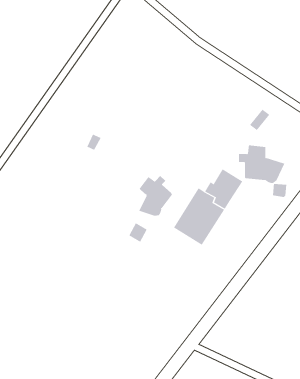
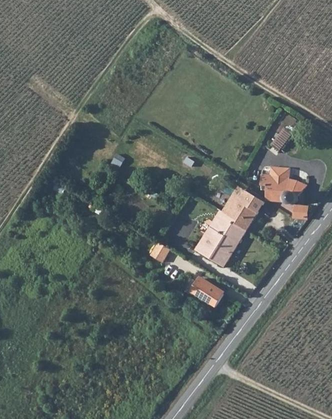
building: [139,175,172,216] -> none
building: none -> [189,277,223,306]

